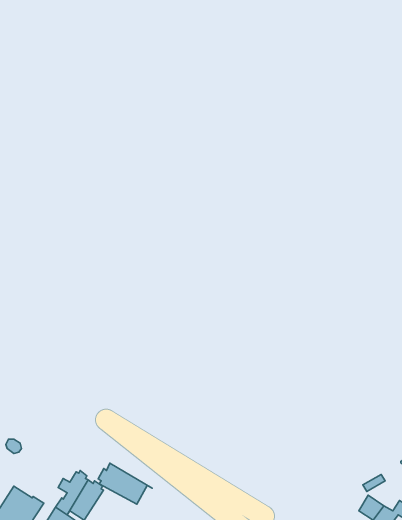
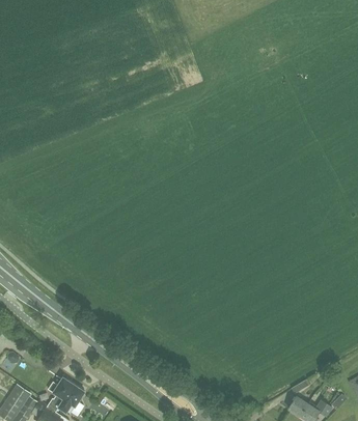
building: [98,463,152,504] -> none

